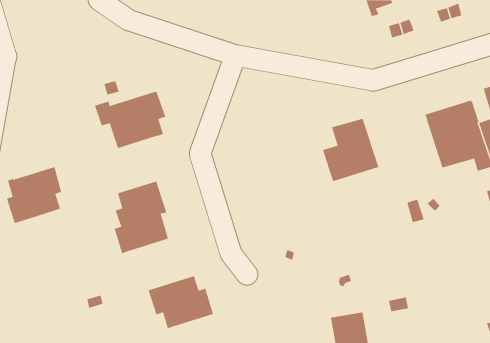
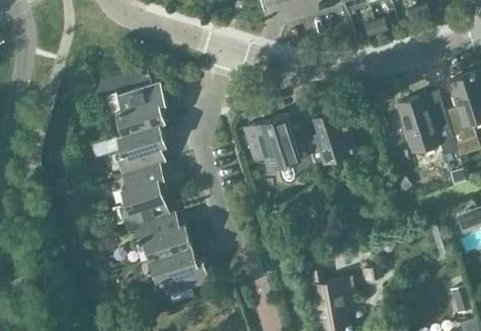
building: none -> [243,115,315,184]
building: [6,167,62,224] -> [115,125,165,175]
building: none -> [133,213,191,261]

